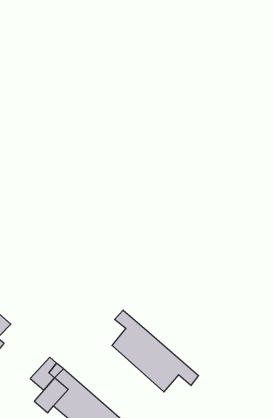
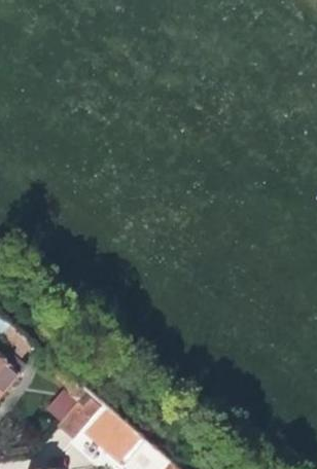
building: [112,310,199,392] -> none

